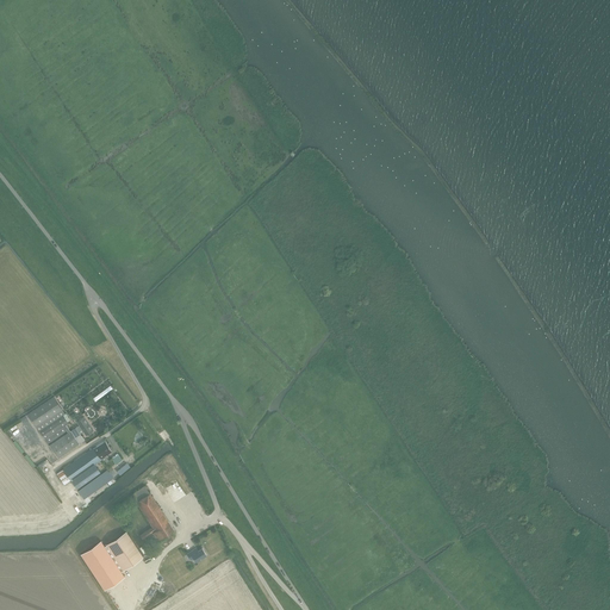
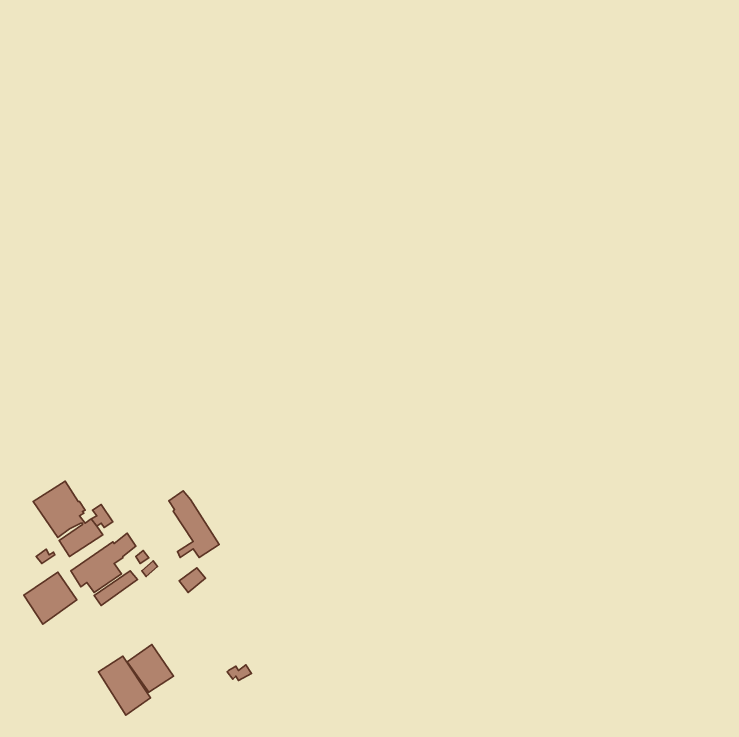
building: none -> [24,572,77,624]
building: [132,486,174,541] -> [169,491,219,557]

